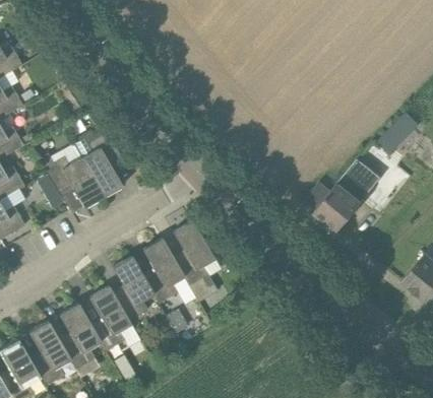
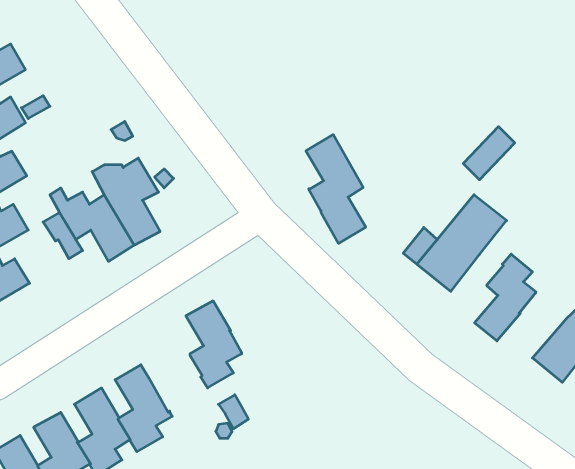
building: [378,116,417,155] -> [463,127,515,180]
building: none -> [475,254,536,341]
building: [172,219,216,301] -> [306,135,366,243]
building: [112,255,153,321] -> none

